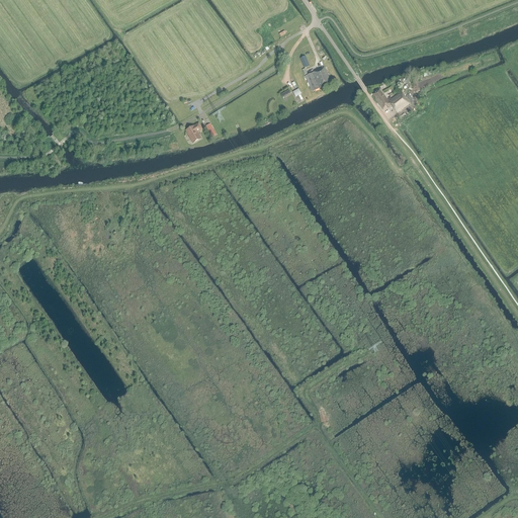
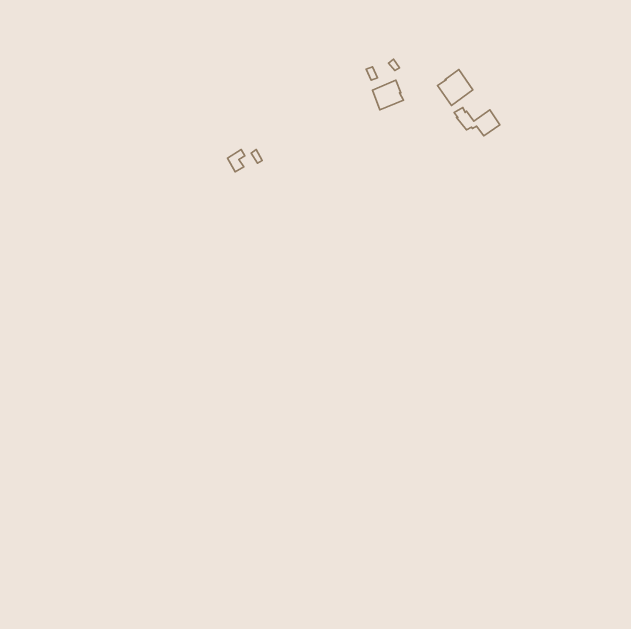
building: none -> [437,70,473,106]

